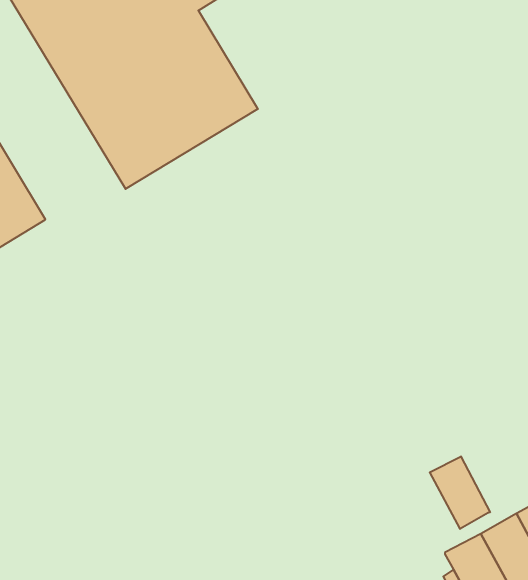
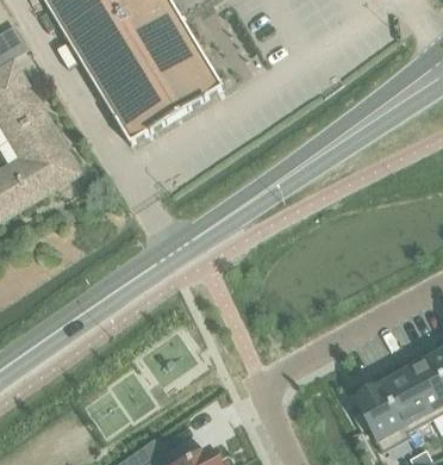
building: [430,456,490,529] -> none

